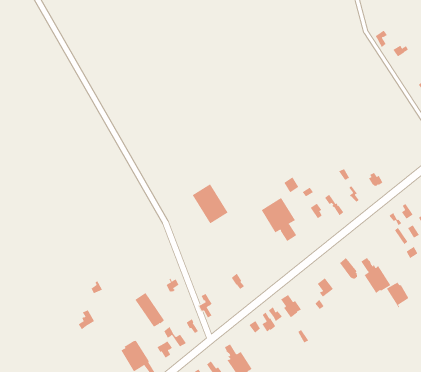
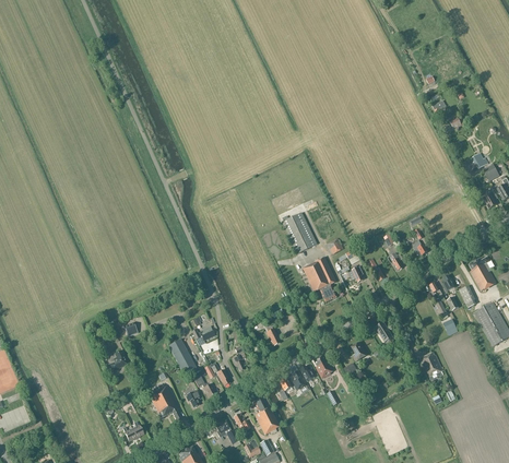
building: [192,184,228,224] -> [281,213,316,253]
building: [361,257,391,294] -> none

